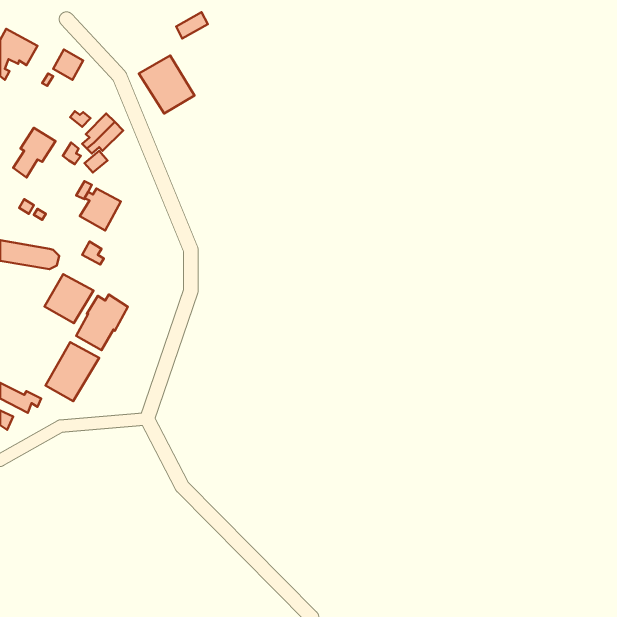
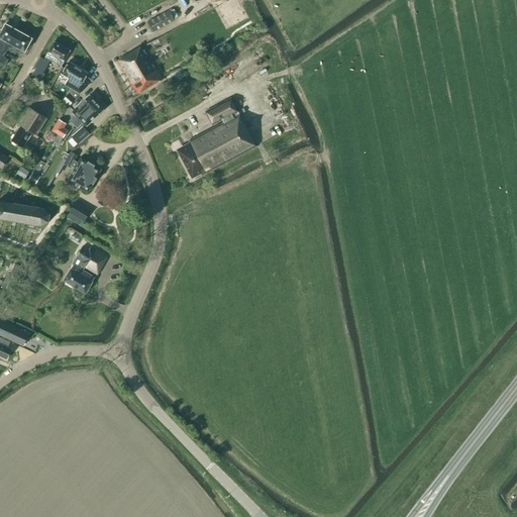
building: none -> [62,62,89,93]
building: none -> [178,98,255,177]
building: [44,274,93,323] -> none
building: [45,342,99,401] -> none

